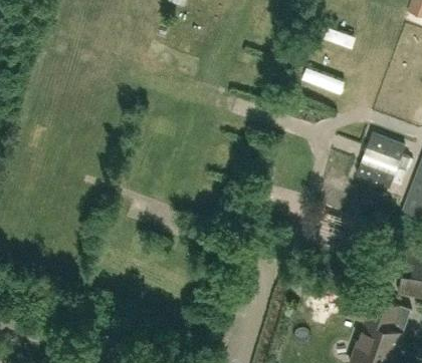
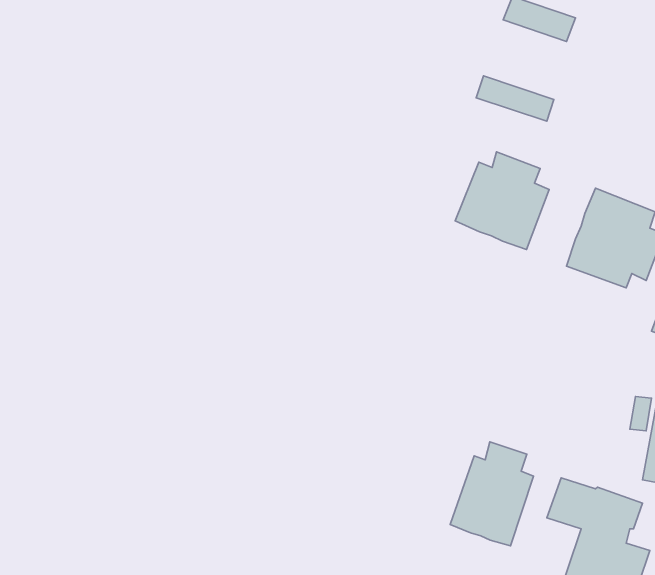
building: none -> [455,152,549,249]
building: none -> [450,442,533,546]

